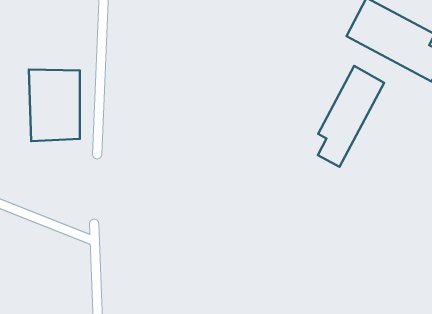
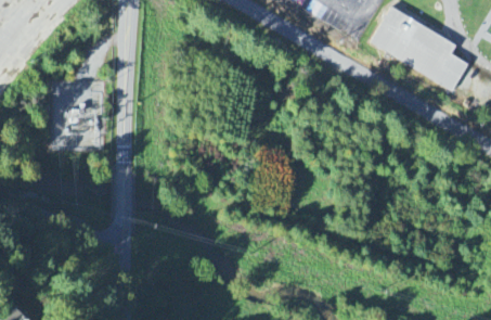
building: [318,66,384,167] -> none

